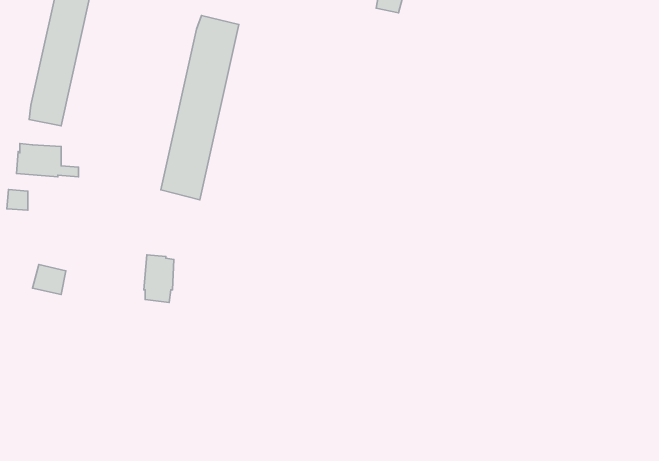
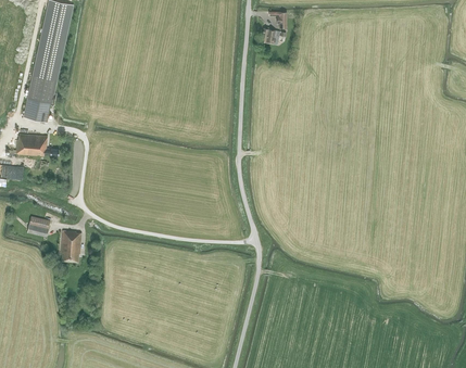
building: [161,15,239,200] -> none
building: [144,255,174,303] -> [60,230,80,263]

